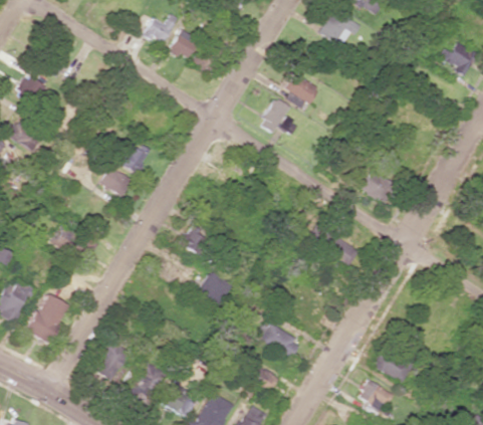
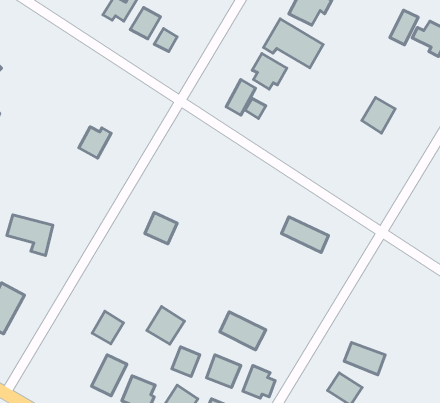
building: none -> [390,10,418,45]
building: none -> [263,19,323,68]
building: [99,166,133,198] -> none
building: [363,168,395,202] -> [362,97,395,133]
building: [195,271,231,307] -> [147,307,184,344]
building: [98,342,129,373] -> [92,311,124,344]
building: none -> [172,347,200,377]
building: none -> [243,366,275,398]

